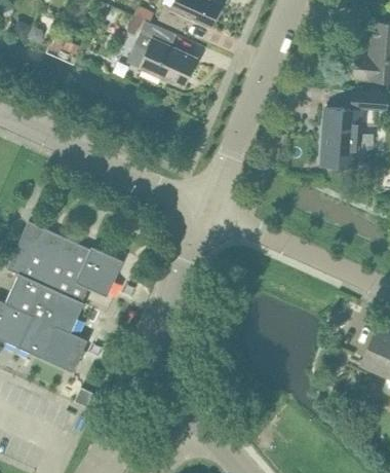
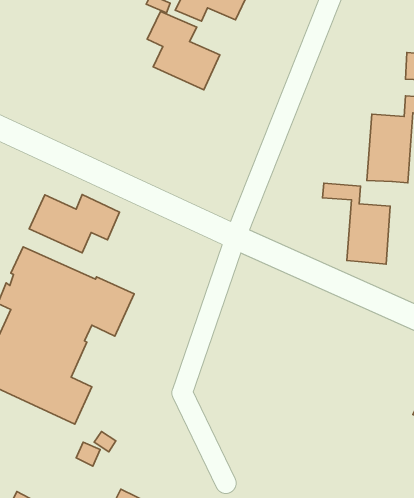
building: none -> [323,183,390,264]
building: none -> [29,195,119,253]

